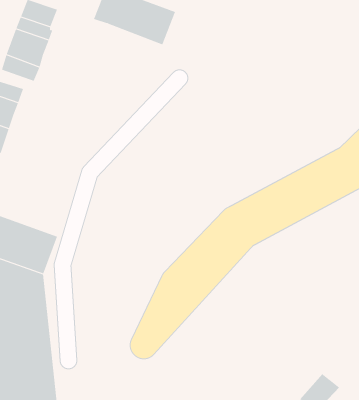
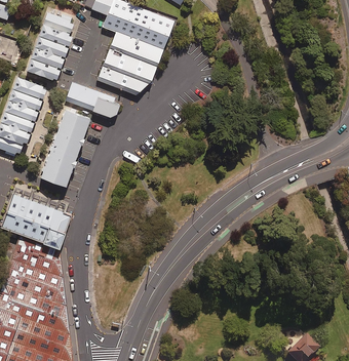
building: none -> [96,31,164,94]
building: none -> [65,83,120,117]
building: none -> [41,109,91,186]

